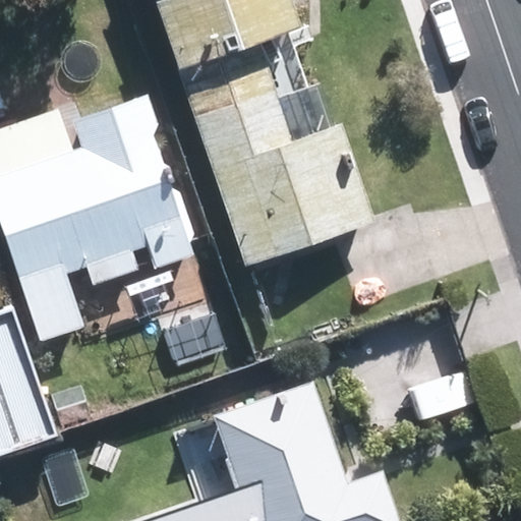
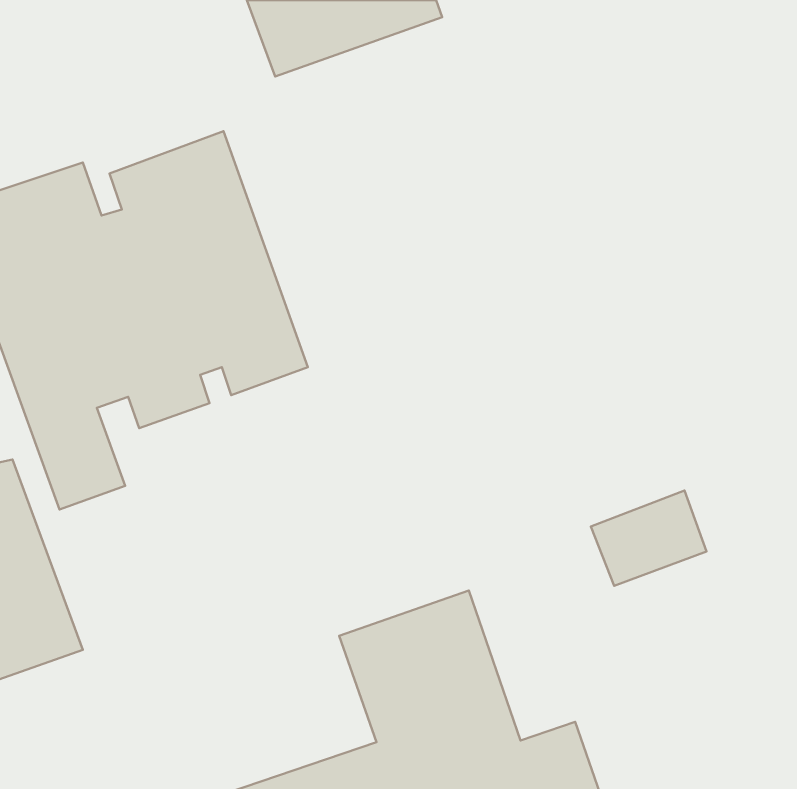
building: [191,66,362,251] -> none

